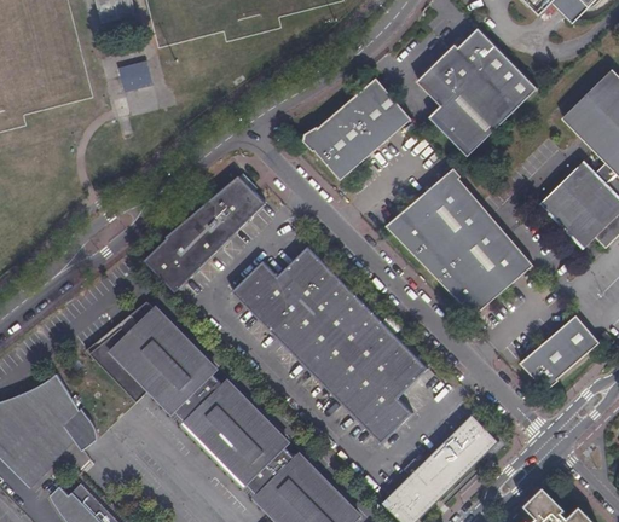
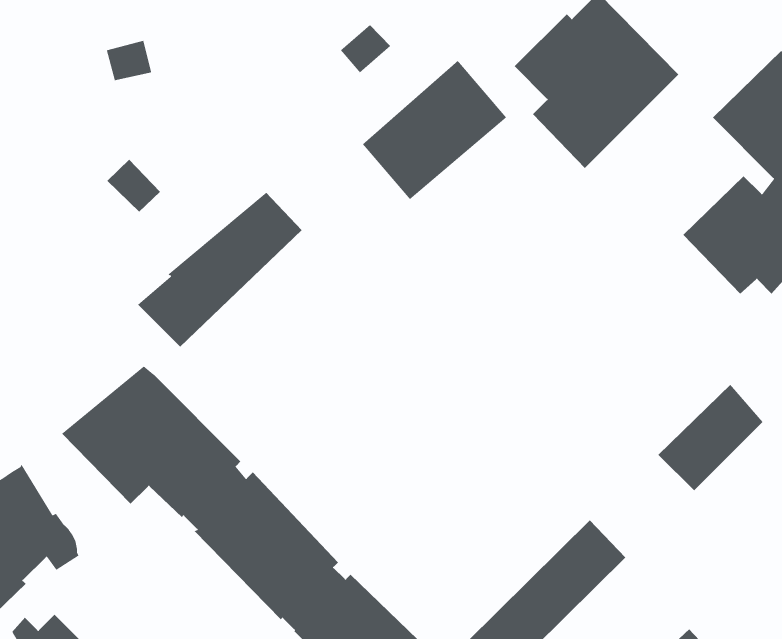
building: none -> [340,24,391,74]
building: none -> [107,159,161,212]
building: [389,168,533,321] -> none
building: [231,245,428,445] -> none

